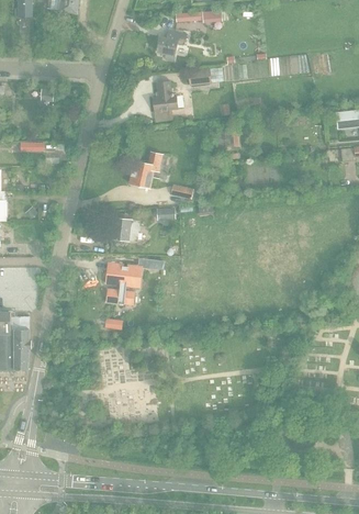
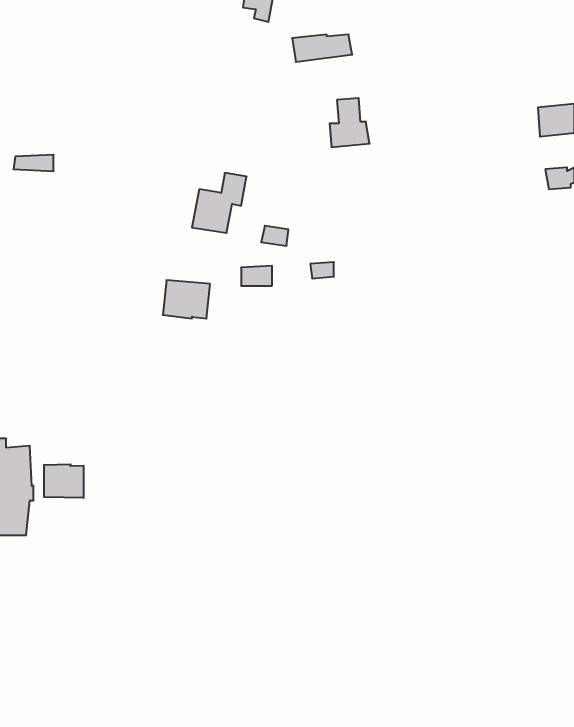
building: [150,81,175,111] -> [330,98,370,147]
building: [105,262,141,304] -> none
building: none -> [44,464,84,498]

